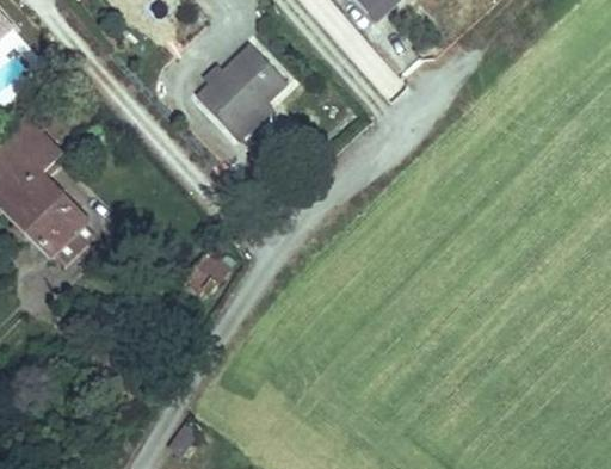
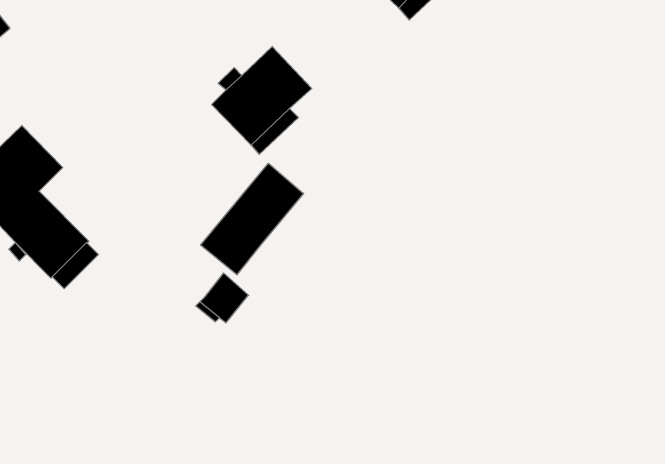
building: none -> [201,163,304,275]

